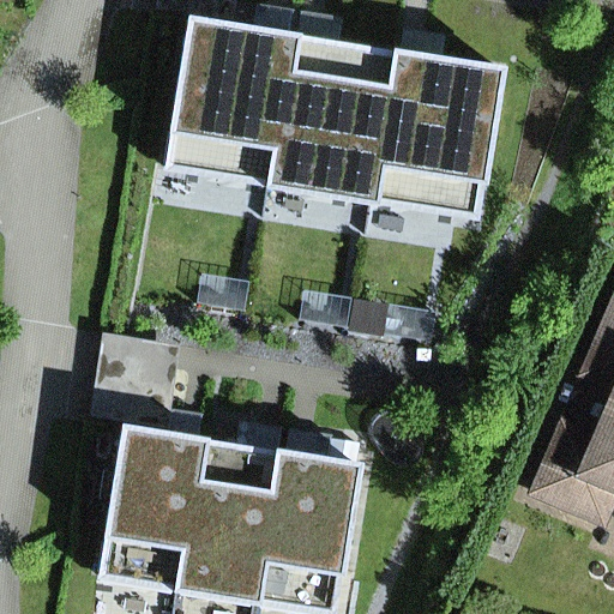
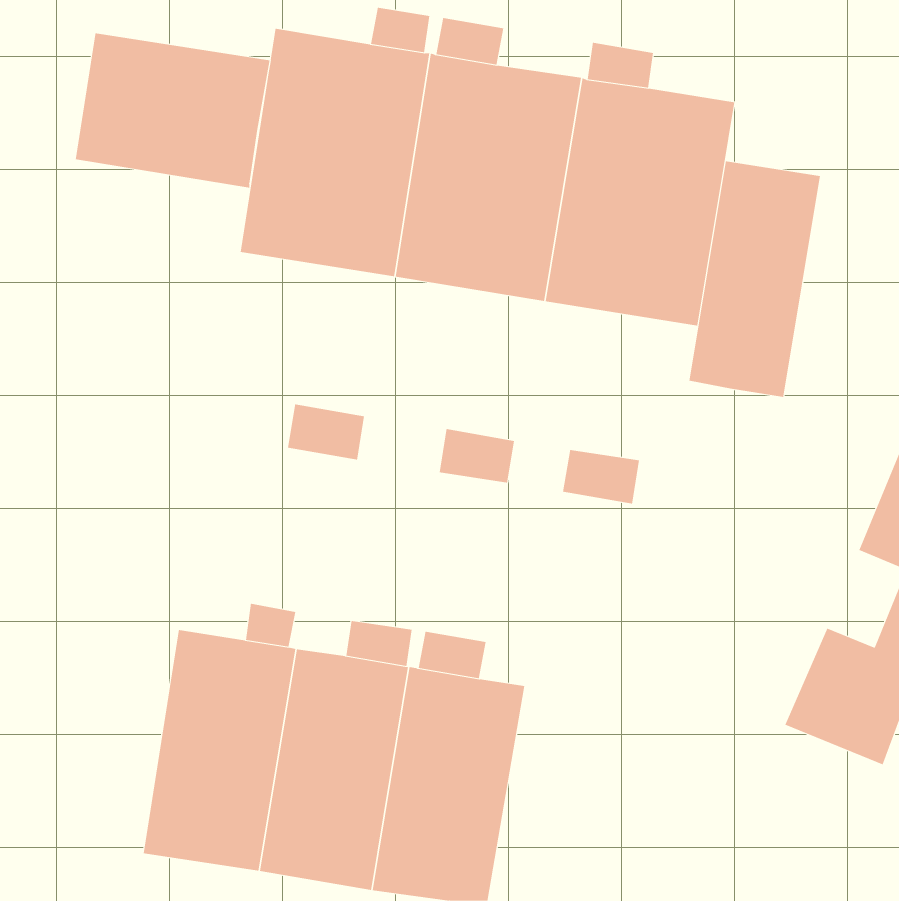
building: none -> [75,33,270,188]
building: none -> [689,160,820,398]

